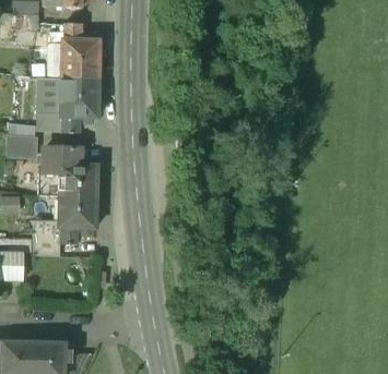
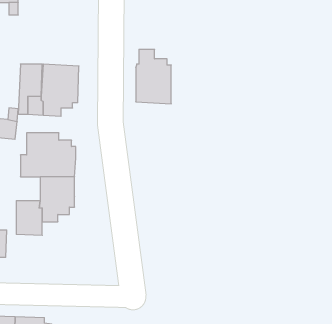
building: [62,22,99,79] -> [136,49,171,104]

